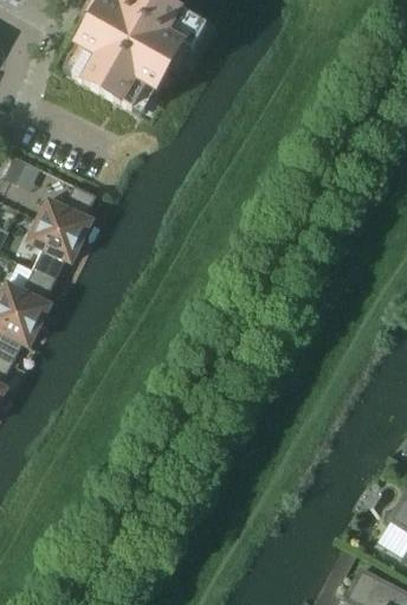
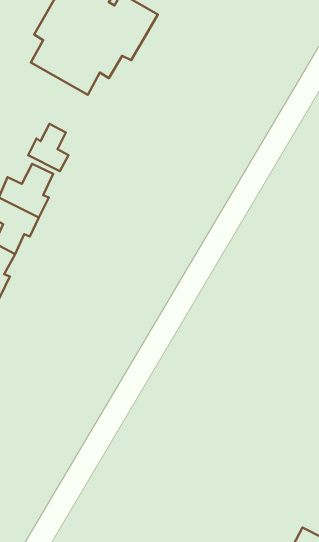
building: none -> [28,124,69,171]

